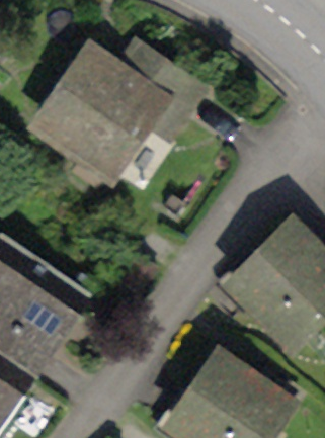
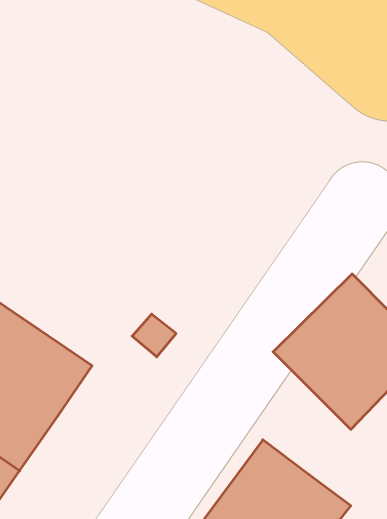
building: [37,53,198,172] -> none

